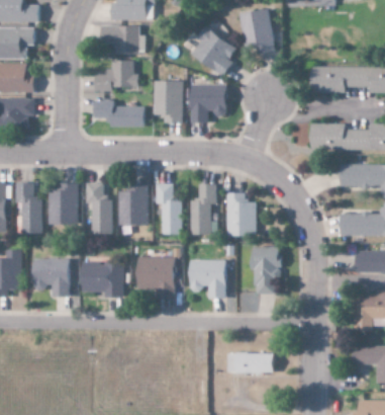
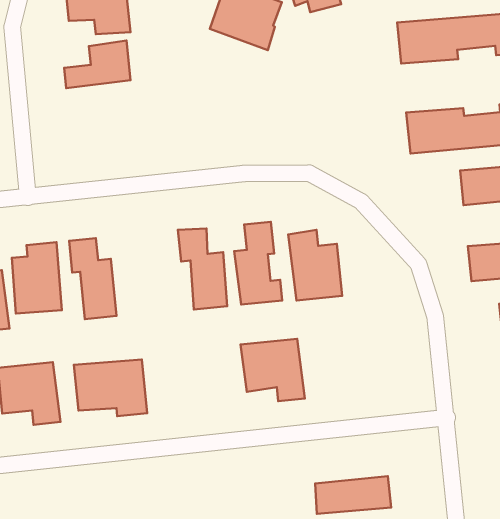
building: [154,80,183,122] -> none
building: [190,83,225,122] -> none
building: [92,99,143,126] -> none
building: [118,182,148,225] -> none
building: [250,245,279,293] -> none
building: [136,256,174,298] -> none

